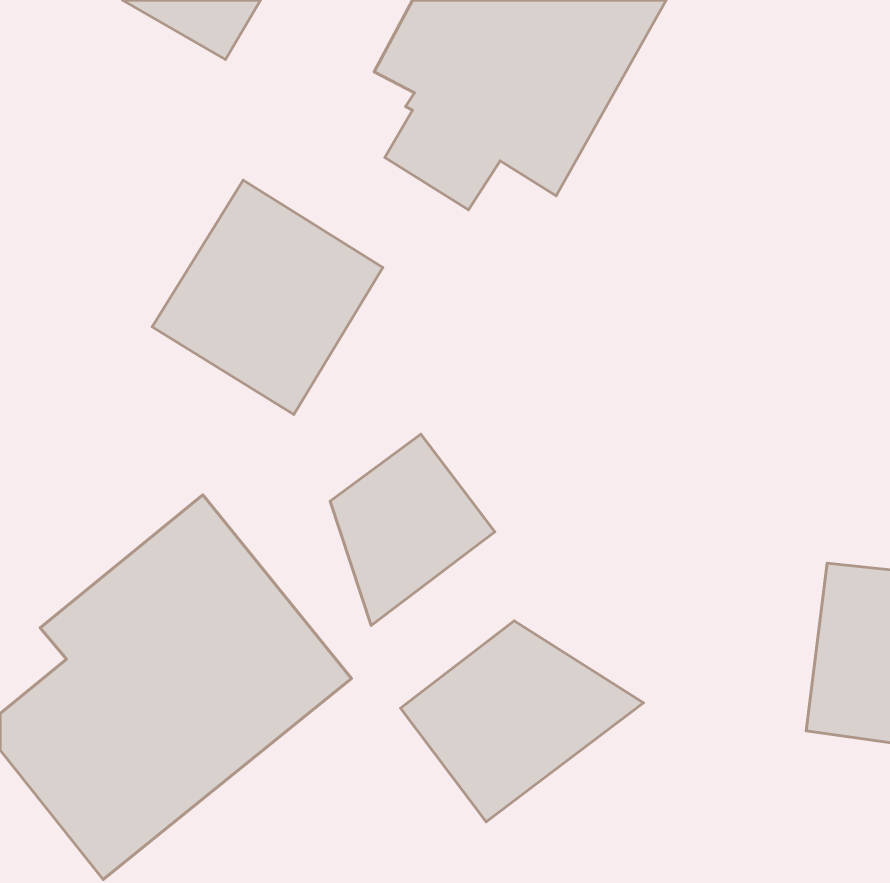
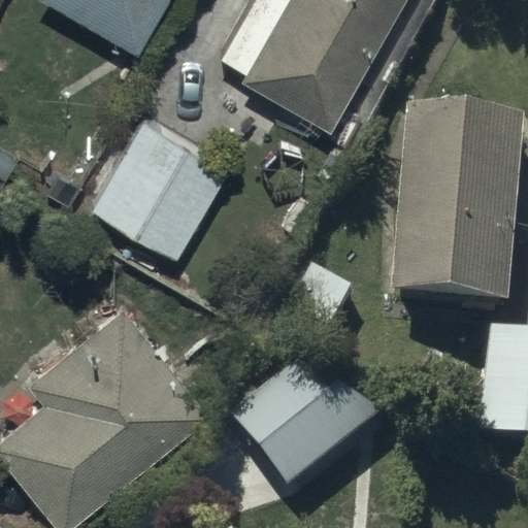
building: none -> [393,119,522,306]
building: [330,434,495,625] -> none

